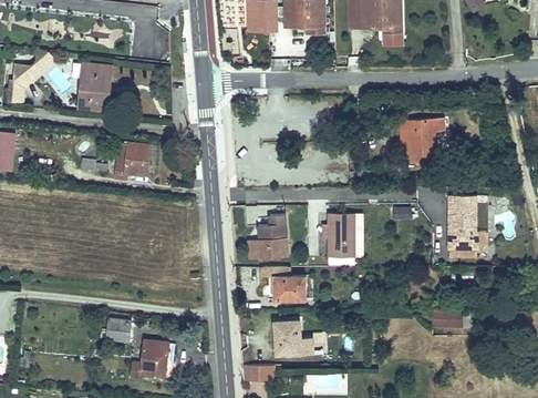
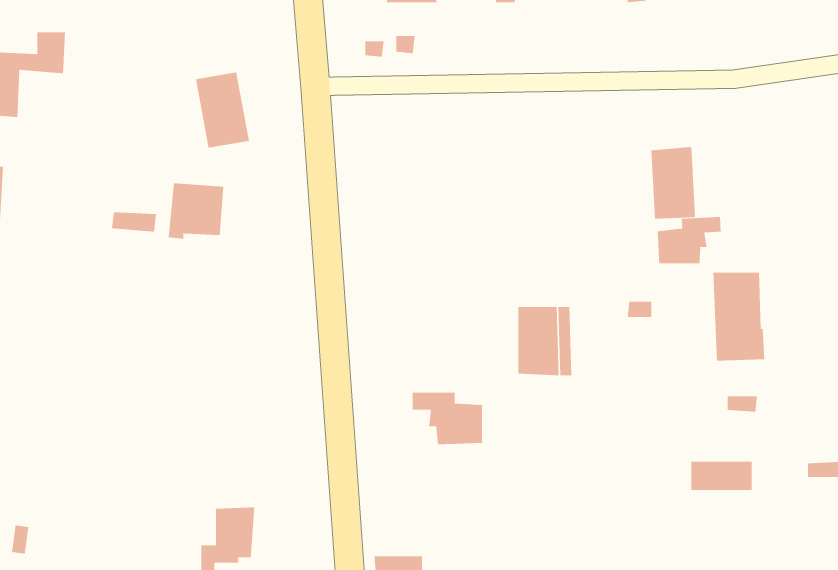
building: [79,61,110,106] -> none
building: none -> [657,216,721,264]
building: [256,214,284,258] -> none
building: [106,316,132,341] -> none
building: [275,323,311,354] -> none

